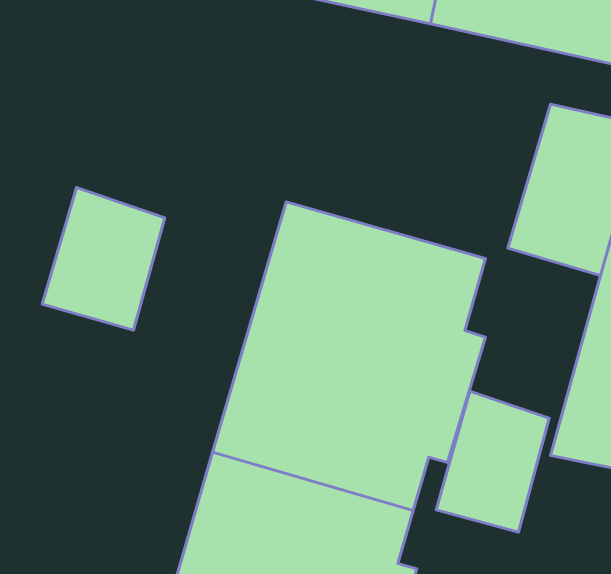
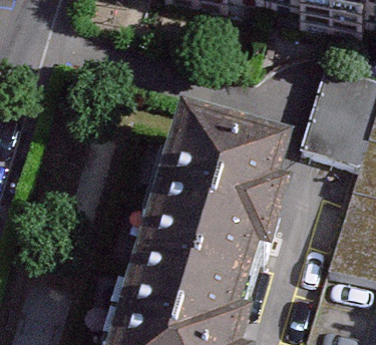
building: [42,187,165,330] -> none
building: [436,391,549,532] -> none

